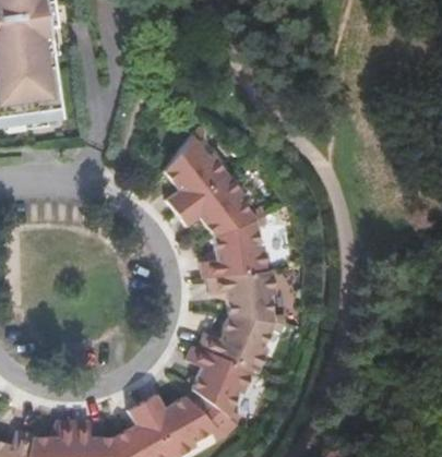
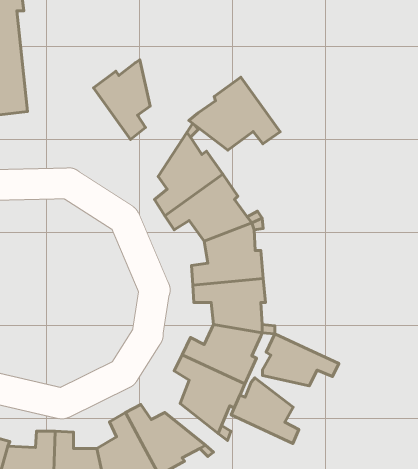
building: none -> [93,60,150,139]
building: none -> [189,77,280,150]
building: none -> [263,334,339,386]
building: none -> [231,378,299,444]

